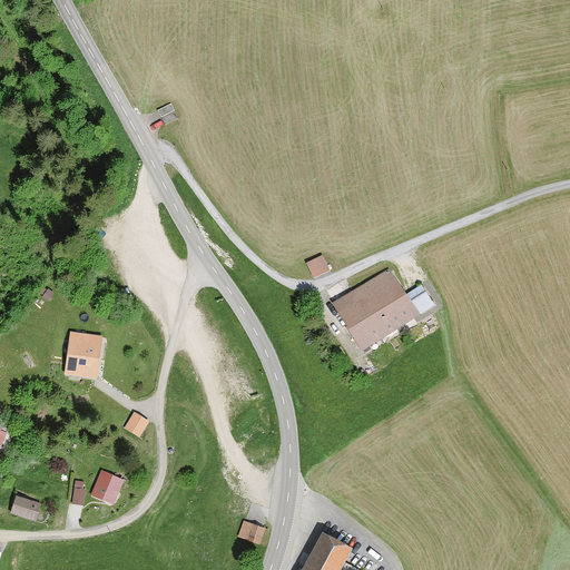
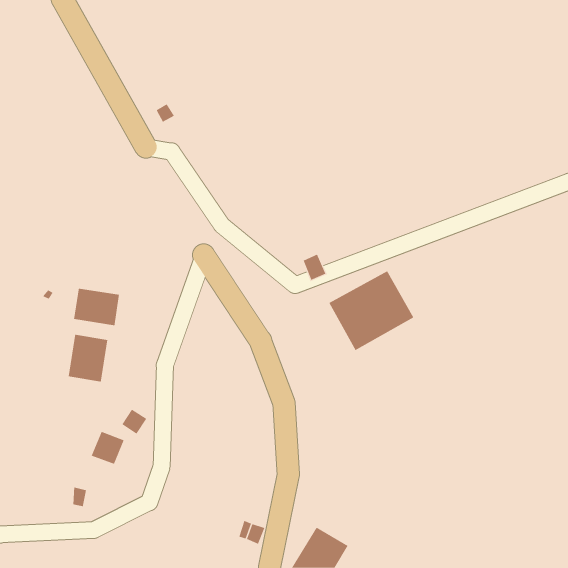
building: none -> [74,288,120,326]
building: [92,469,126,502] -> [91,431,124,465]
building: [12,495,41,520] -> none

